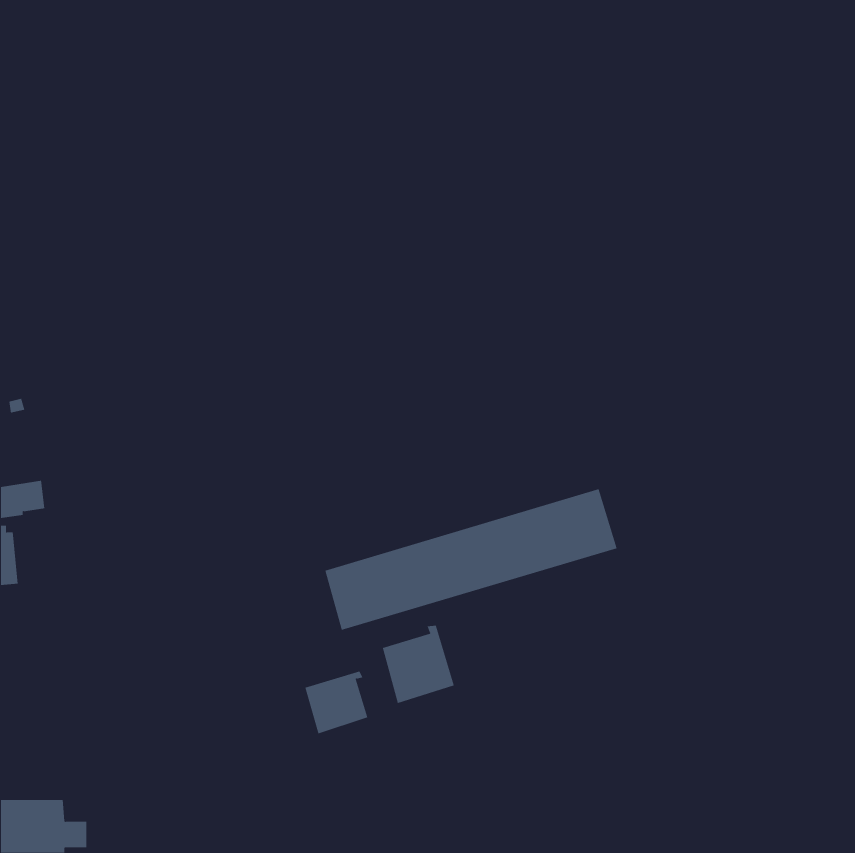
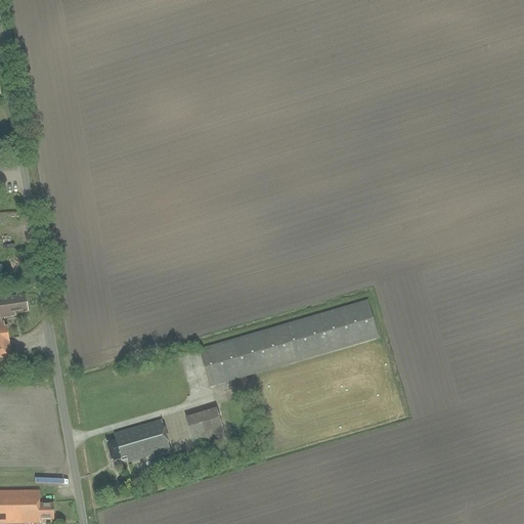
building: [382,625,455,704] -> none
building: none -> [106,420,170,462]

